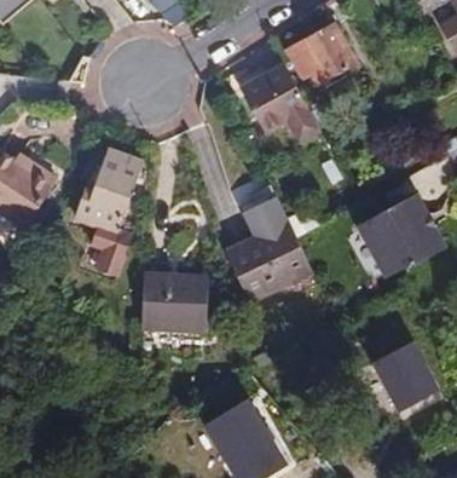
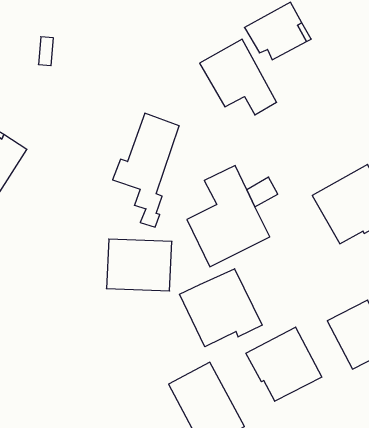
building: [74,148,144,267] -> [113,113,179,227]
building: none -> [180,269,262,347]
building: none -> [246,327,322,401]

